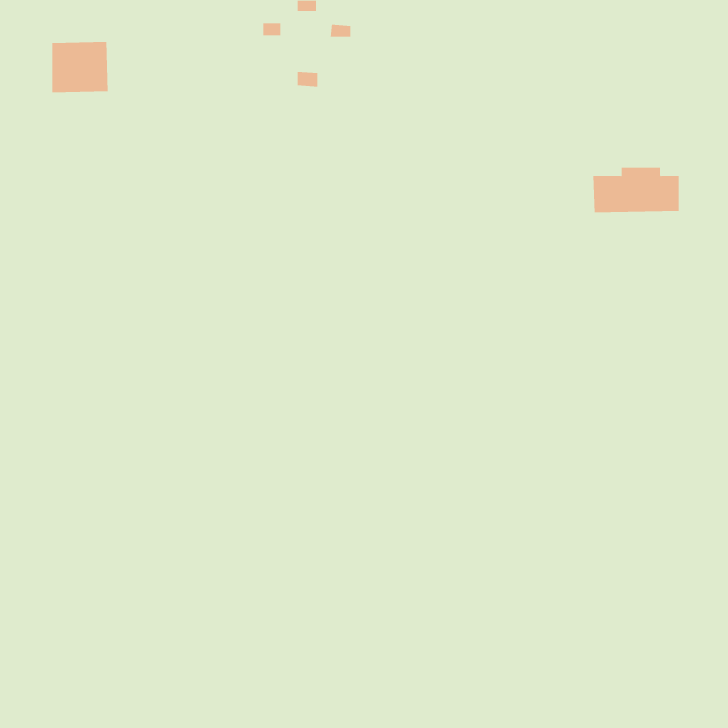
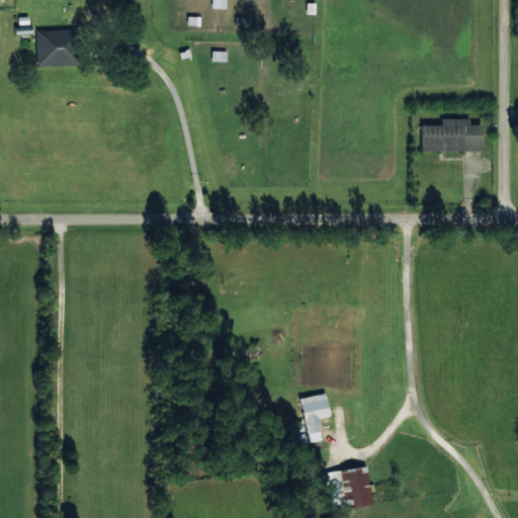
building: none -> [301,395,330,443]
building: none -> [340,467,372,508]

